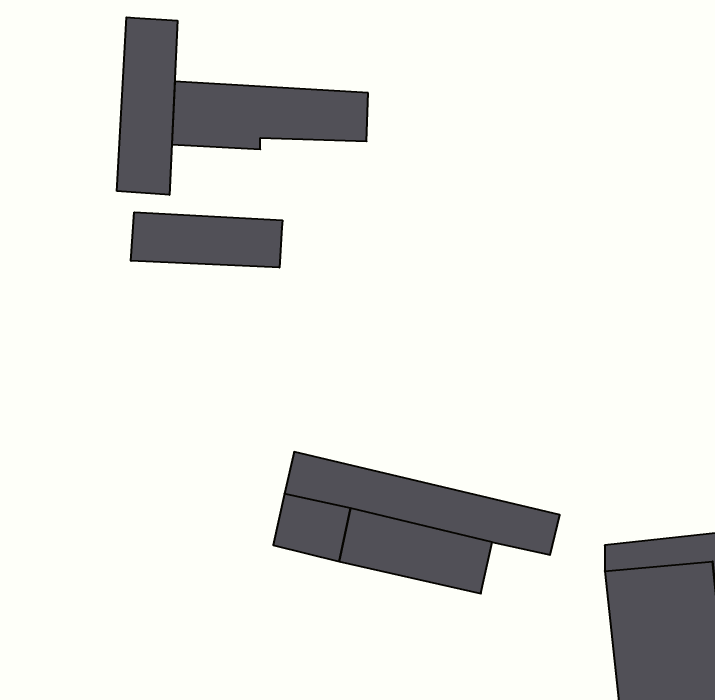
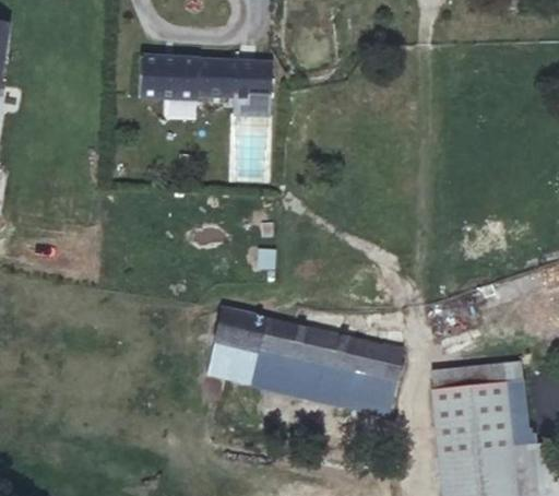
building: [117,17,177,195] -> none
building: [131,212,282,268] -> none
building: none -> [348,369,394,408]

